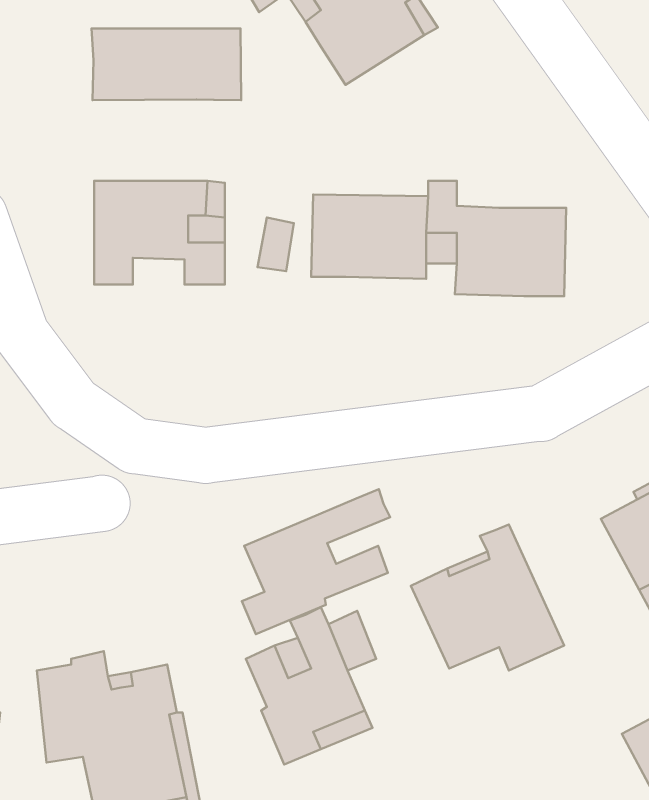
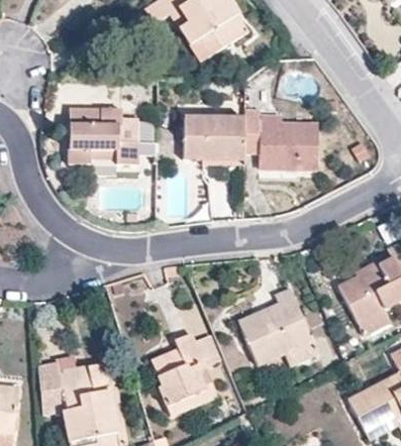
building: [92,28,241,100] -> none
building: [242,489,390,634] -> none

